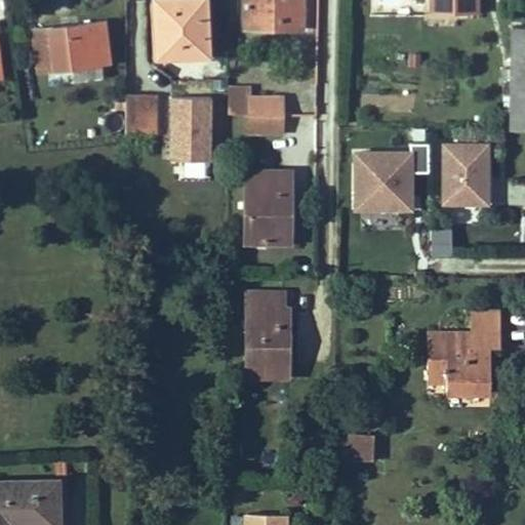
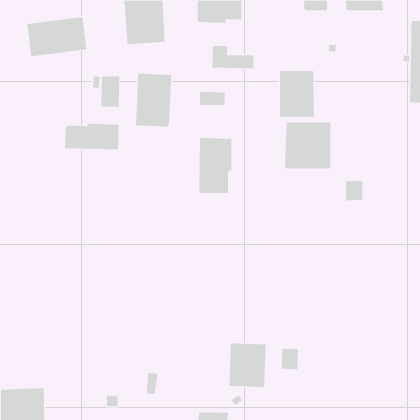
building: [229,87,282,116] -> [211,46,254,69]
building: [443,144,487,202] -> [279,70,315,117]
building: none -> [64,123,119,150]
building: [247,293,289,377] -> none
building: [428,314,500,393] -> none
building: none -> [229,343,266,388]

